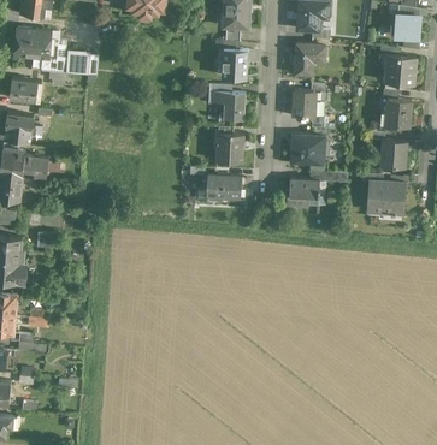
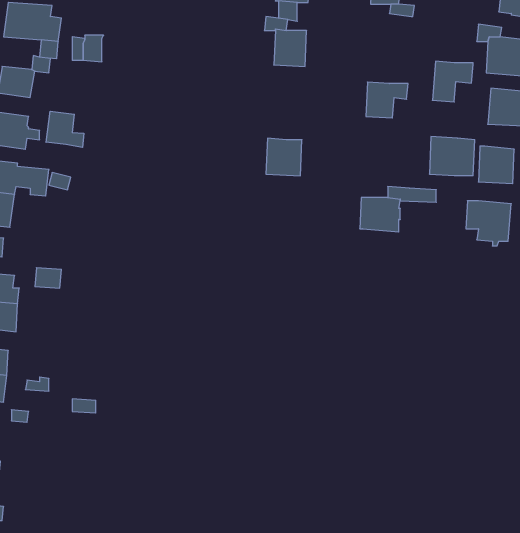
building: [294,43,325,75] -> [432,61,473,102]
building: [207,91,244,120] -> none
building: none -> [46,111,84,147]
building: [290,134,325,164] -> [429,137,475,176]
building: [206,176,241,198] -> none

